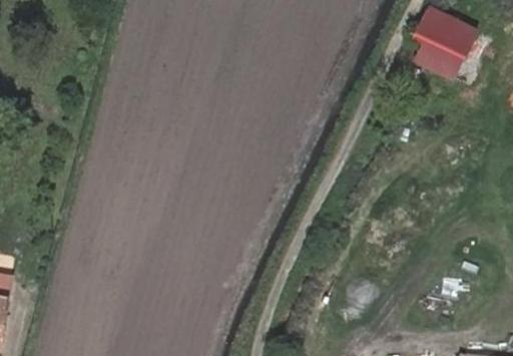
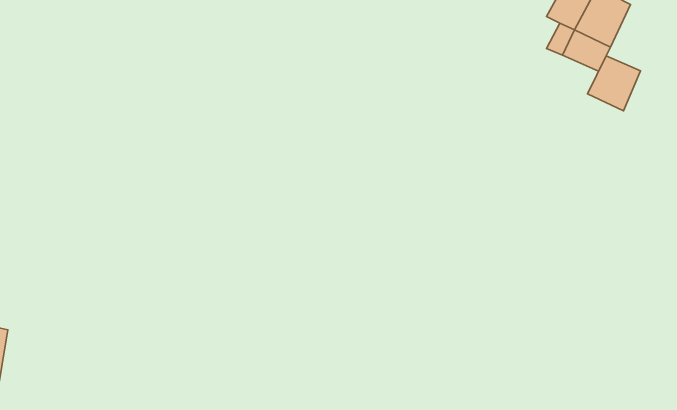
building: none -> [587,56,641,111]

